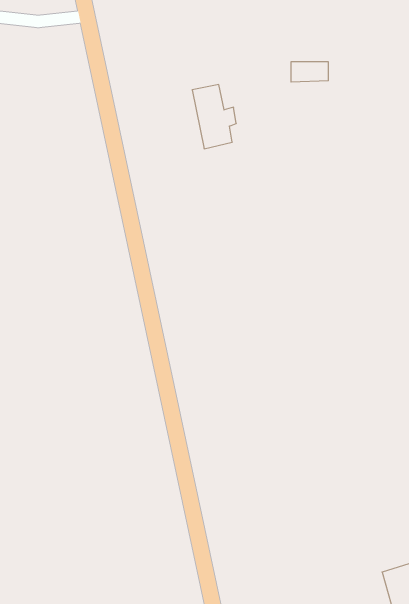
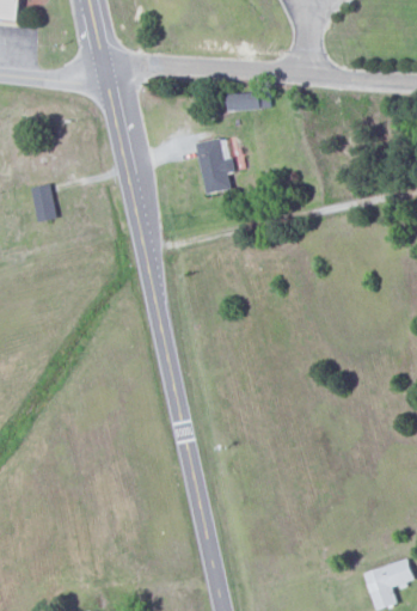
building: [291,62,328,82] -> [226,92,259,110]
building: none -> [29,182,57,222]

